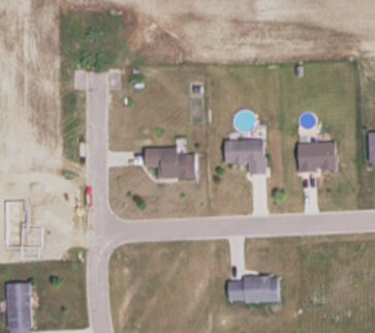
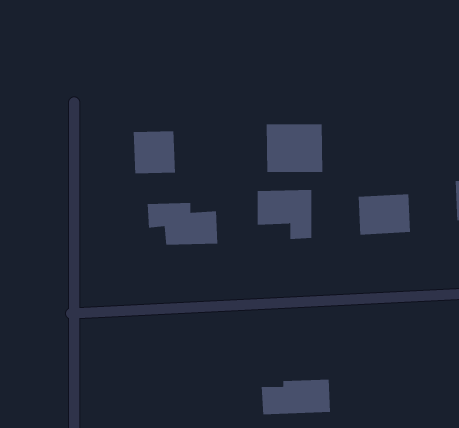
building: none -> [266,123,323,173]
building: none -> [133,130,175,174]

